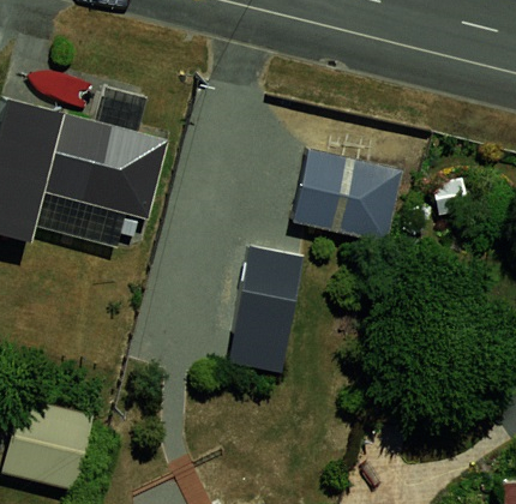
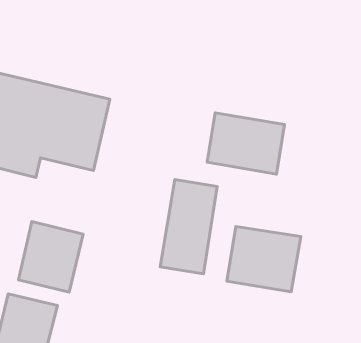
building: none -> [19,222,83,292]
building: none -> [227,227,301,292]

